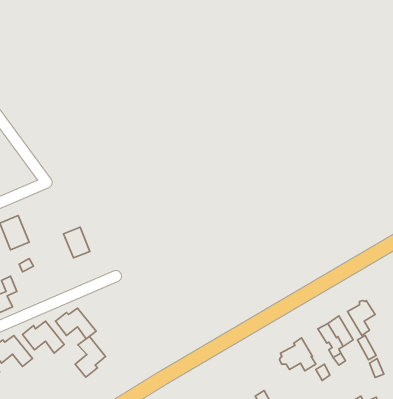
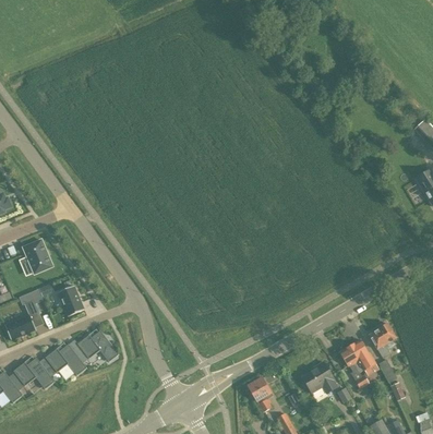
building: [64,227,90,258] -> [57,285,83,315]
building: [75,336,106,377] -> none
building: none -> [246,376,272,411]

